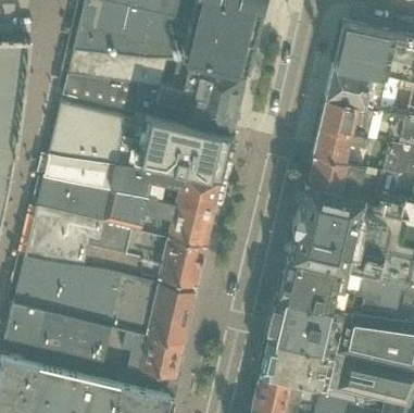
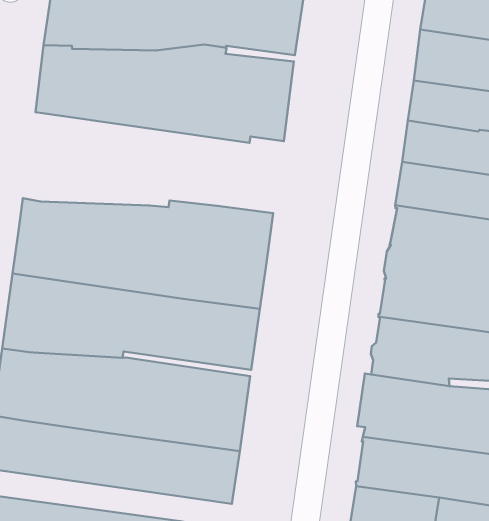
building: [48,102,234,179] -> none

